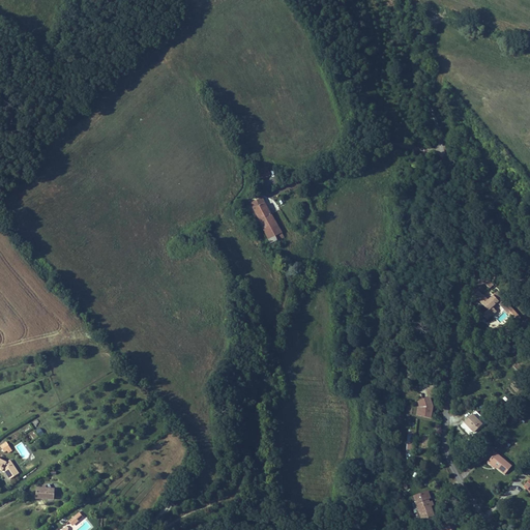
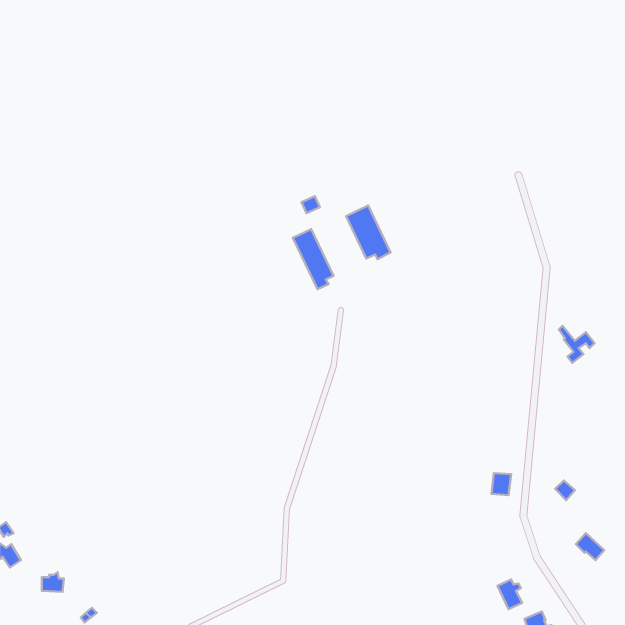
building: none -> [346,206,390,259]

